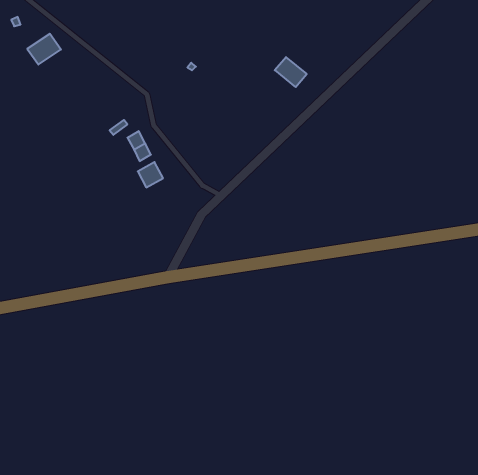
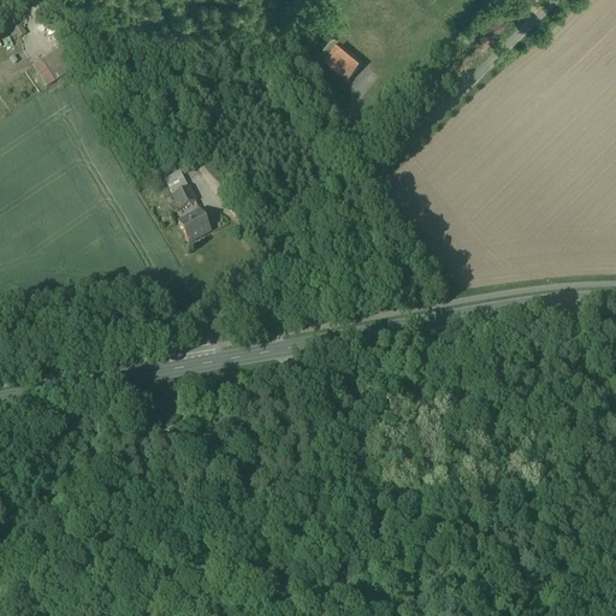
building: [275,57,307,87] -> [321,41,362,79]

